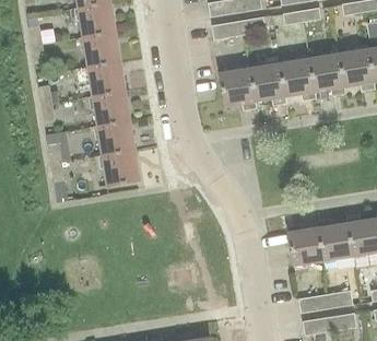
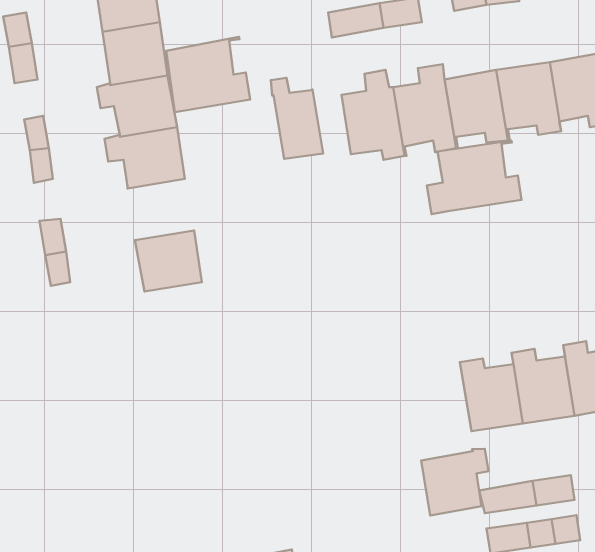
building: none -> [166,37,250,112]
building: none -> [271,78,323,159]
building: none -> [427,141,521,214]
building: [93,120,136,155] -> none
building: none -> [421,449,488,515]

